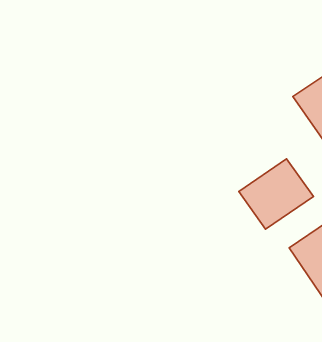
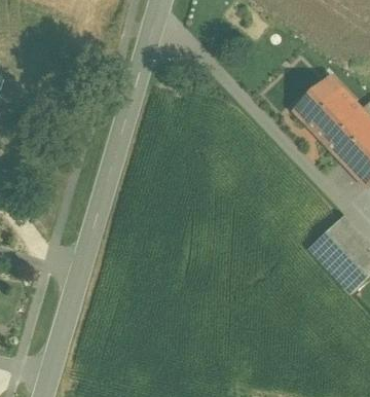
building: [239,159,313,229] -> none

